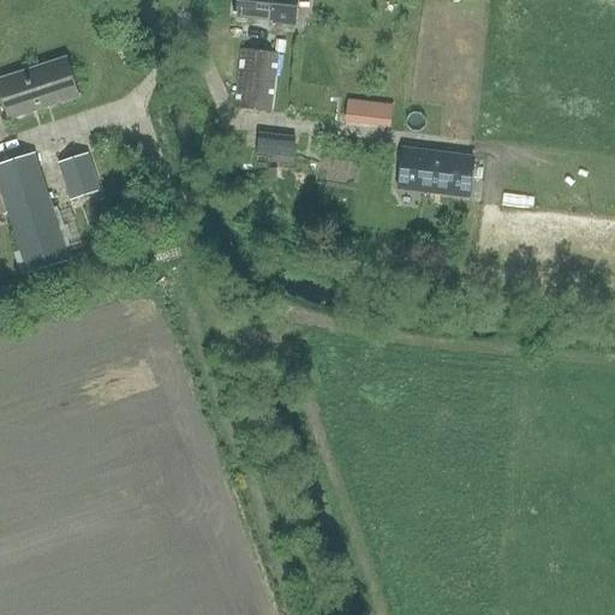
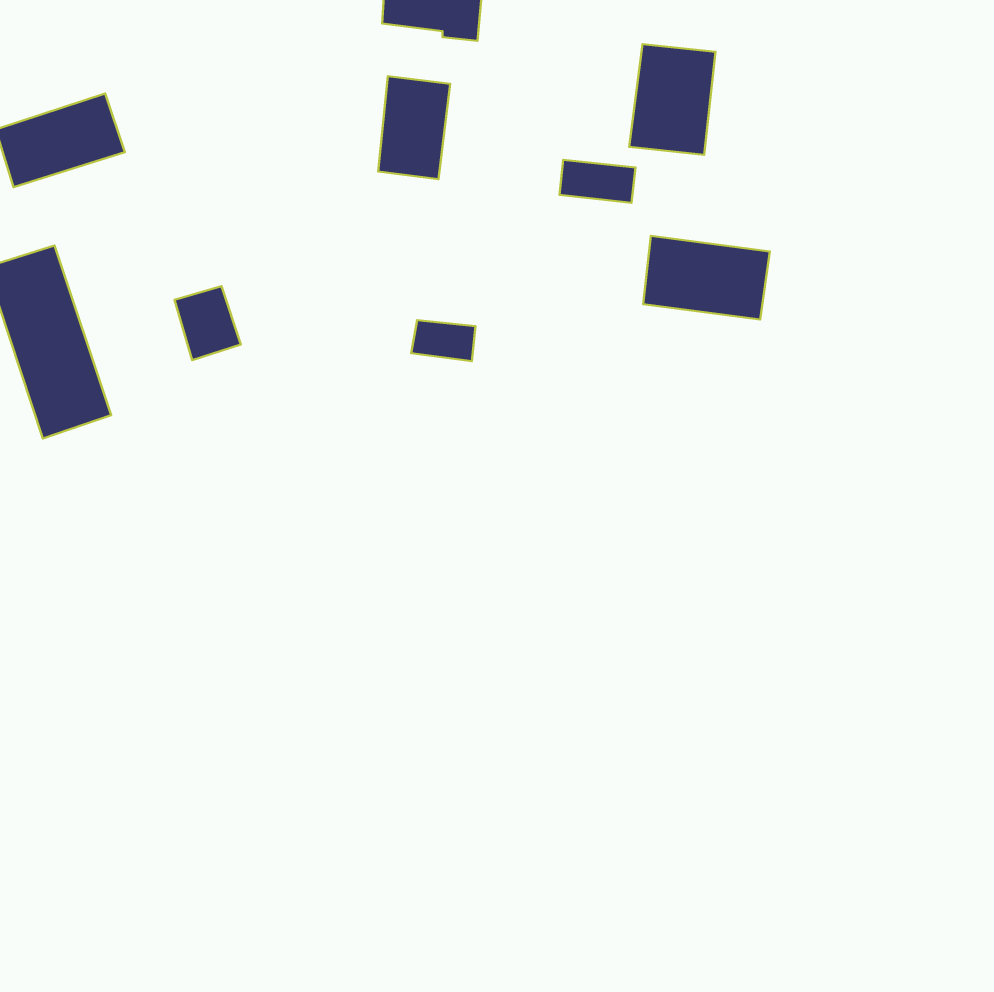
building: none -> [629,44,715,155]
building: [255,131,294,156] -> [411,320,476,361]
building: [58,153,98,198] -> [175,286,241,360]

